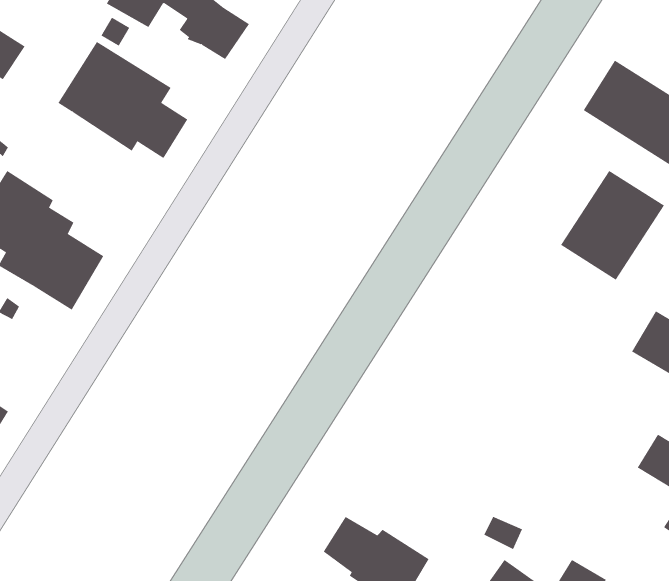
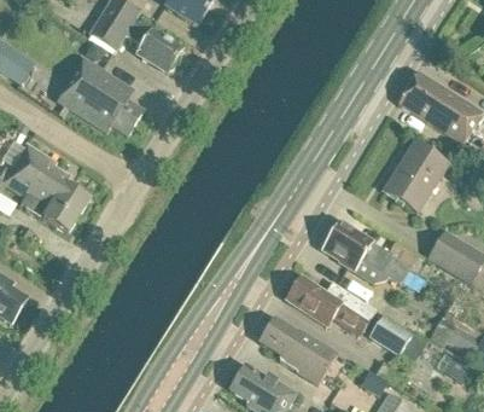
building: none -> [321,220,418,283]
building: none -> [284,274,375,335]
building: none -> [368,314,413,355]
building: none -> [258,318,337,384]

